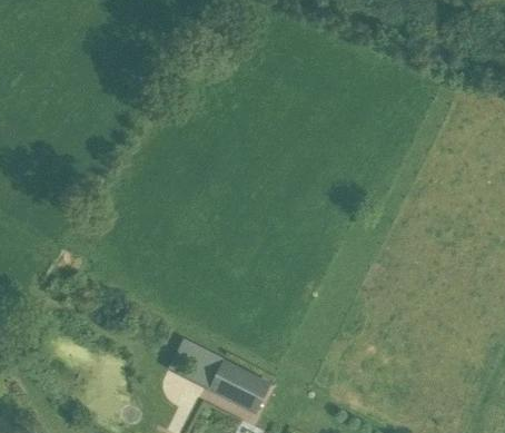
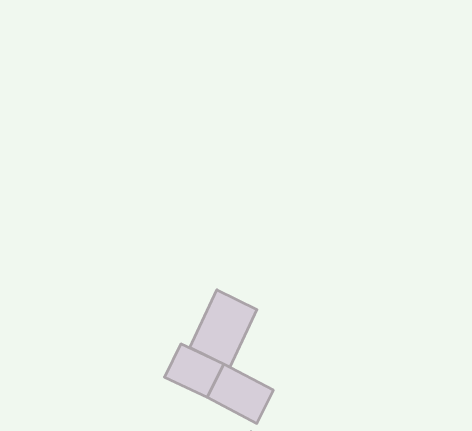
building: none -> [190,290,257,367]

